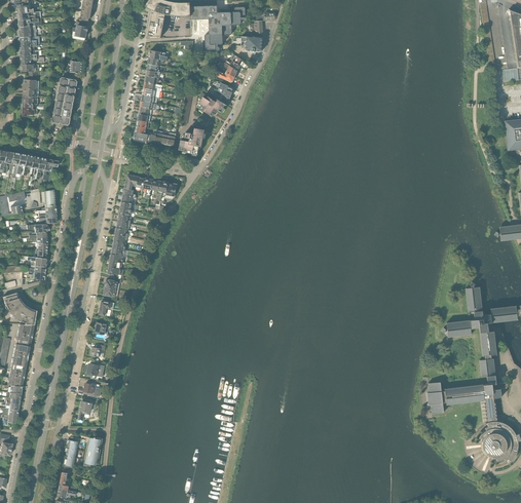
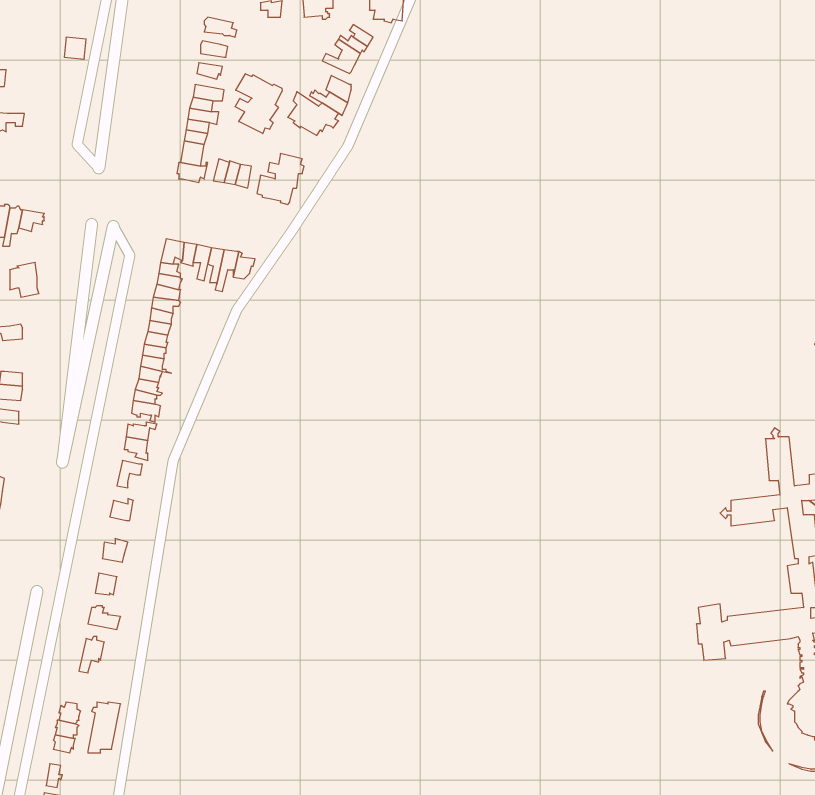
building: [53,77,77,125] -> none
building: none -> [235,74,282,134]

